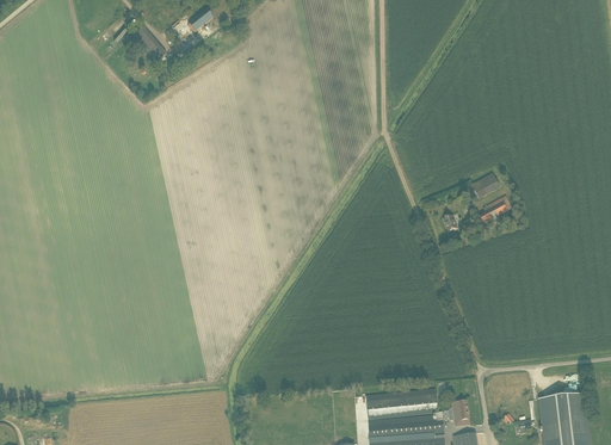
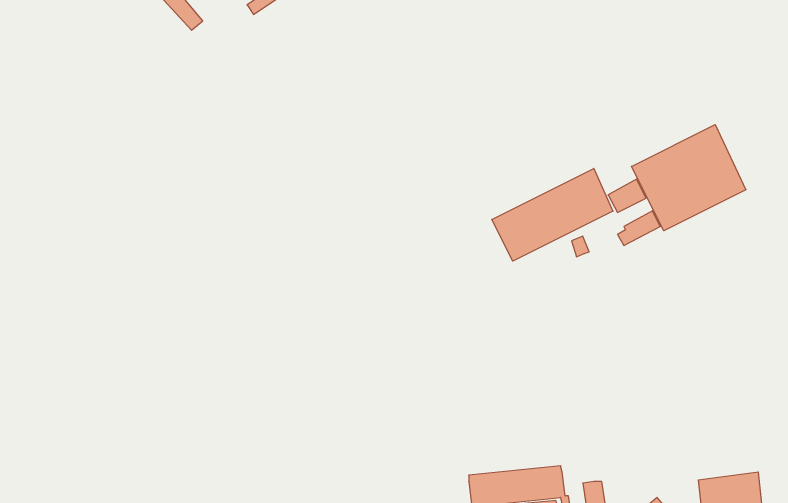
building: none -> [631,125,746,231]
building: none -> [492,168,613,261]

